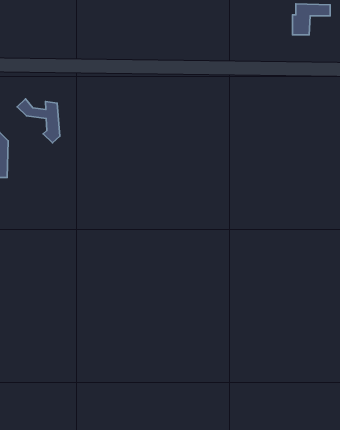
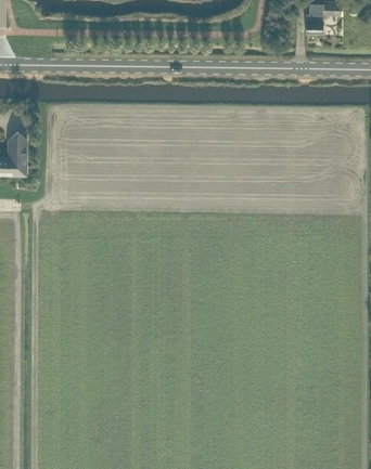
building: [17,99,60,143] -> none

